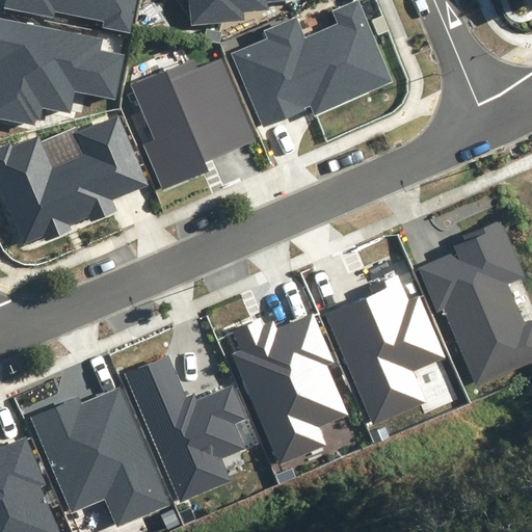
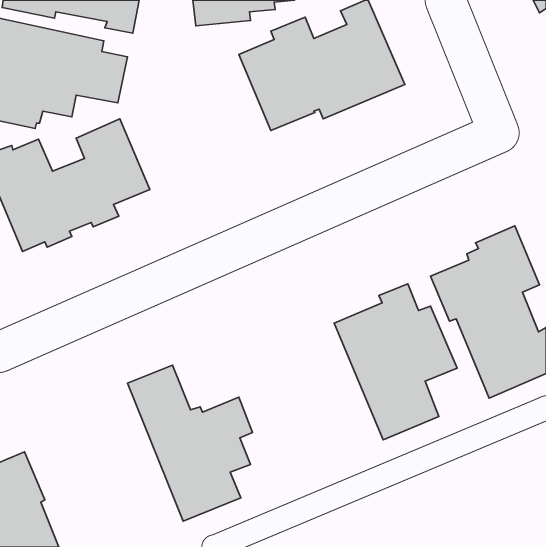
building: [129,59,255,189] -> none
building: [231,315,347,464] -> none
building: [30,388,169,527] -> none

